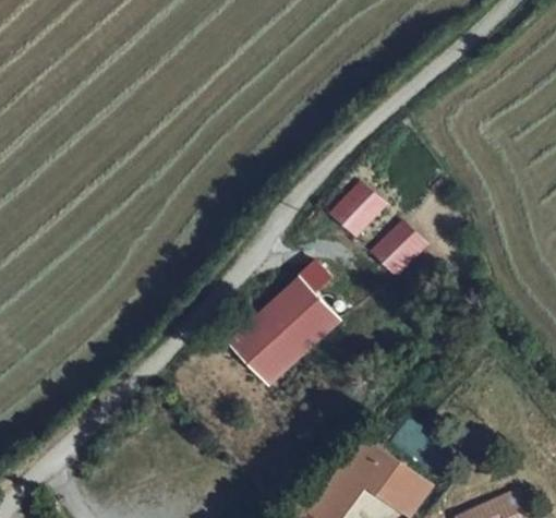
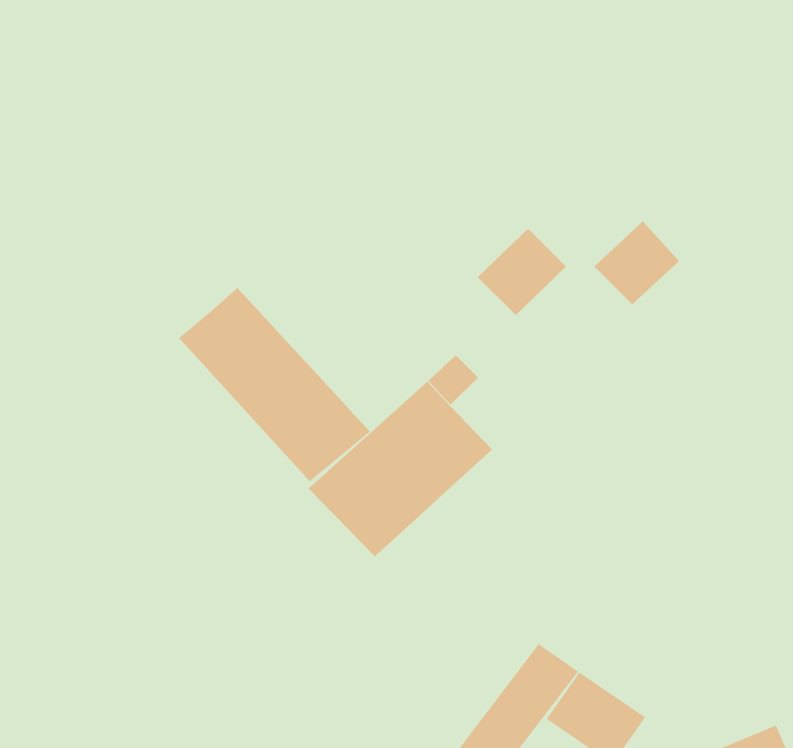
building: none -> [178,287,371,482]
building: [374,222,427,275] -> [594,221,680,305]

